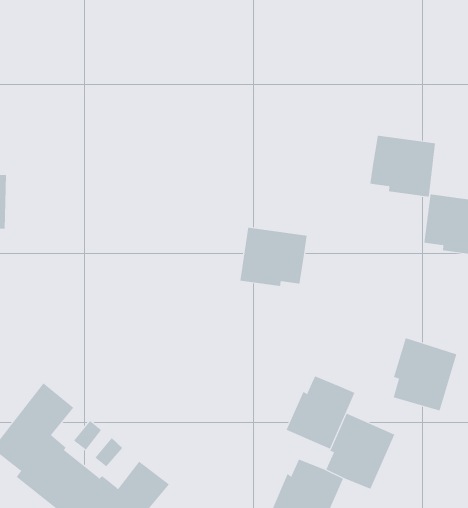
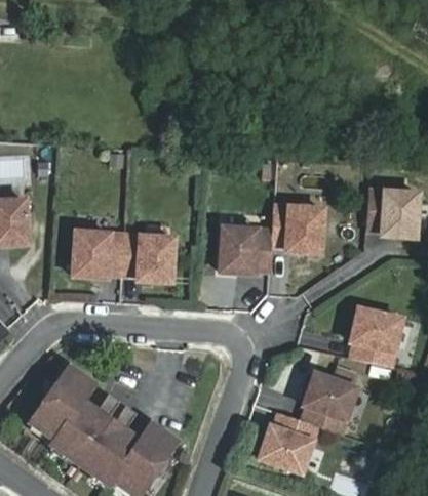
building: [370,135,436,197] -> [271,205,322,252]
building: none -> [73,232,173,282]
building: [286,375,355,449] -> none

